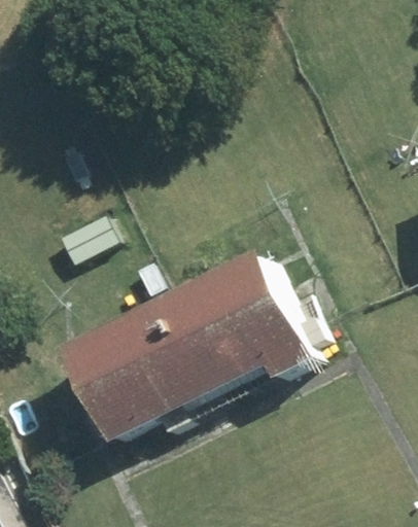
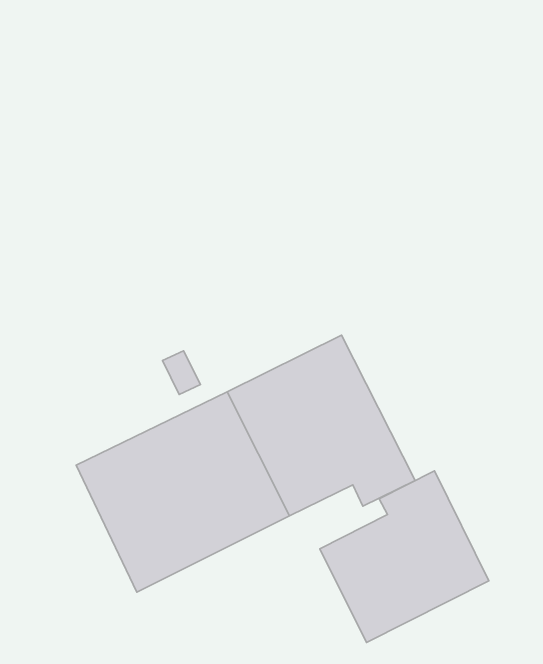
building: none -> [320,471,489,642]

